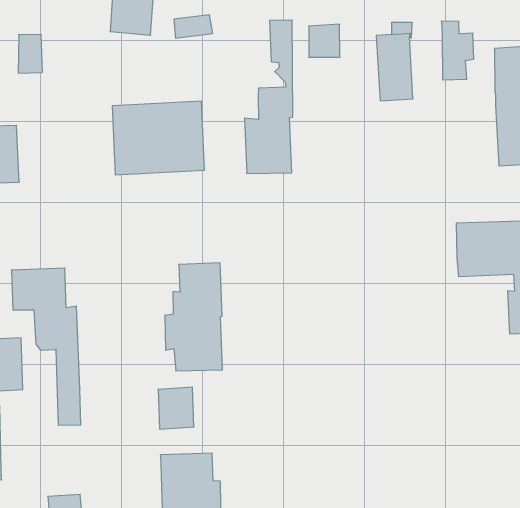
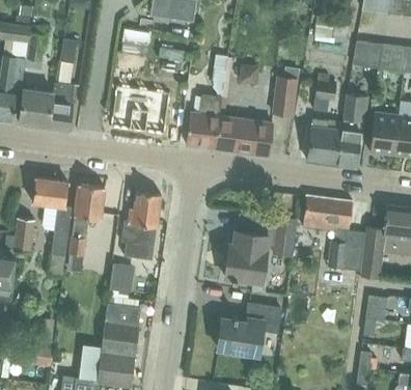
building: none -> [306,117,342,165]
building: none -> [49,82,74,129]
building: none -> [213,115,272,156]
building: none -> [68,184,105,256]
building: none -> [273,218,296,256]
building: none -> [224,231,268,282]
building: none -> [217,303,280,356]

